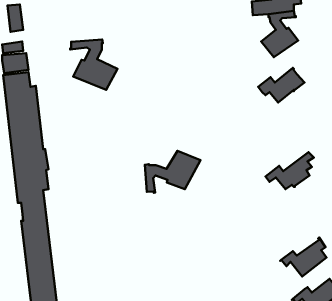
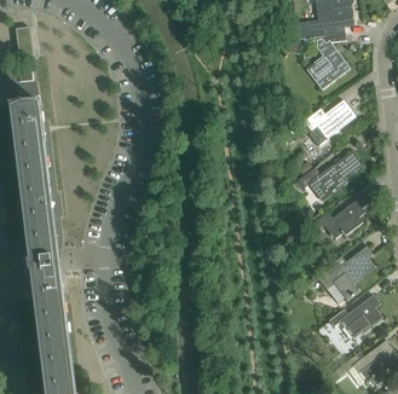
building: [70,39,118,90] -> none
building: none -> [298,151,362,196]
building: [145,151,200,193] -> none
building: none -> [316,245,374,300]

